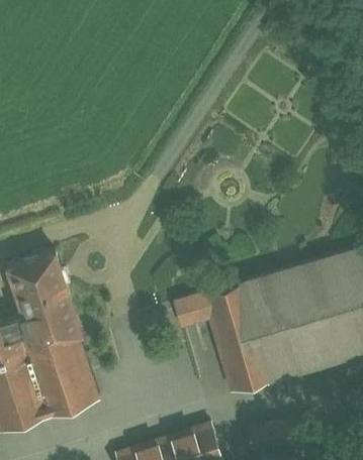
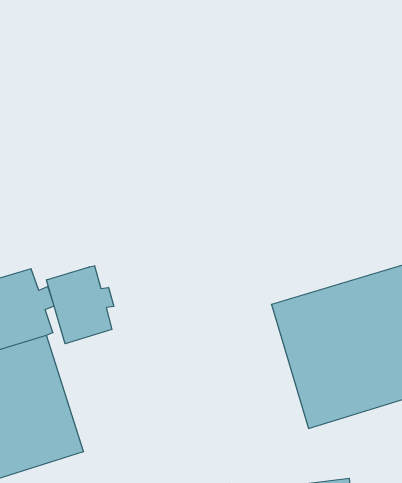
building: none -> [47,266,114,344]
building: [175,282,273,391] -> none

